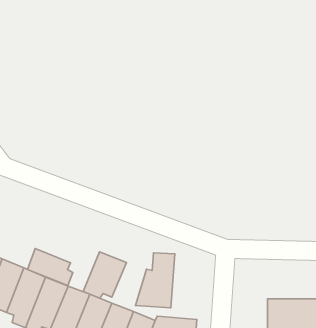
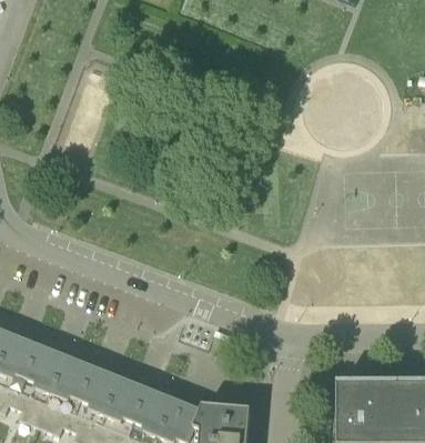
building: [27,248,73,286] -> none
building: [83,252,126,298] -> none
building: [135,253,175,308] -> none

